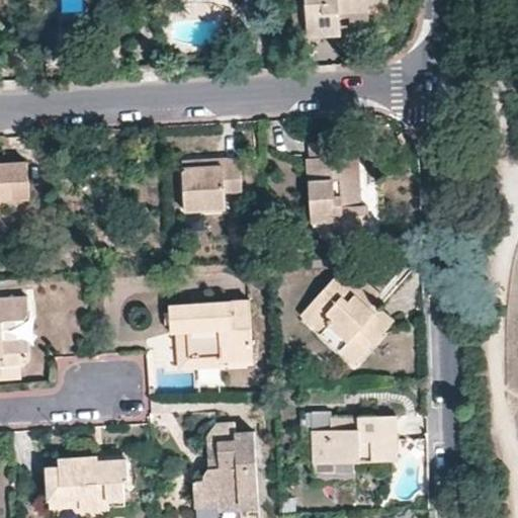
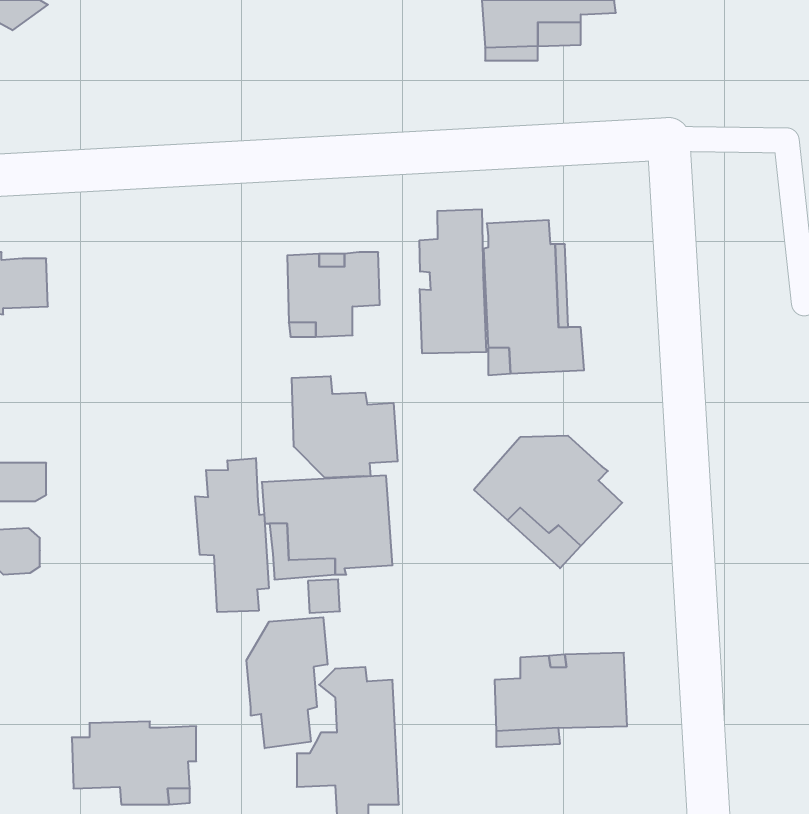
building: none -> [420,209,486,353]
building: none -> [292,376,398,478]
building: none -> [195,458,269,612]
building: none -> [247,617,327,748]

